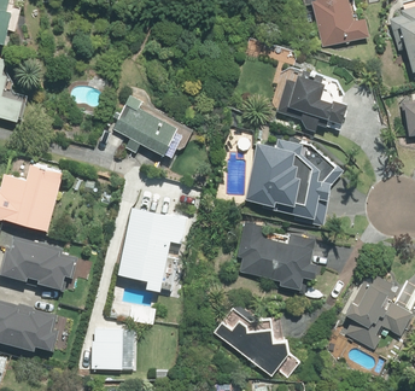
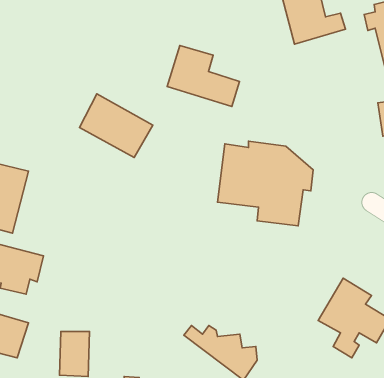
building: [276,70,346,129] -> [167,45,239,106]
building: [118,208,189,291] -> none
building: [235,220,317,288] -> none

